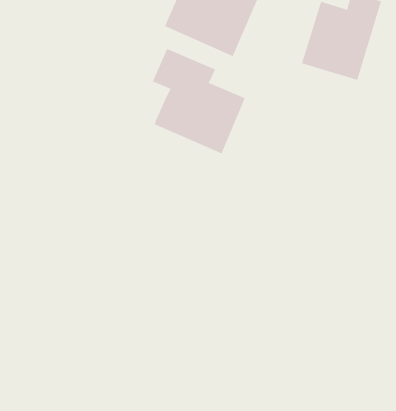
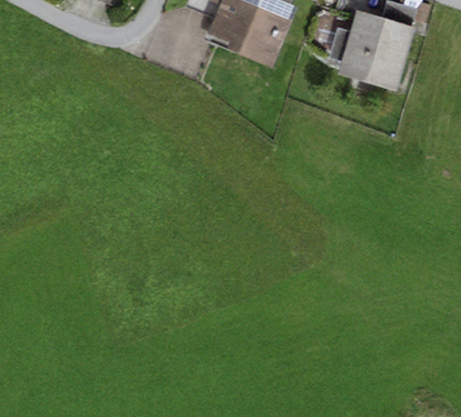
building: [152,48,245,154] -> none

